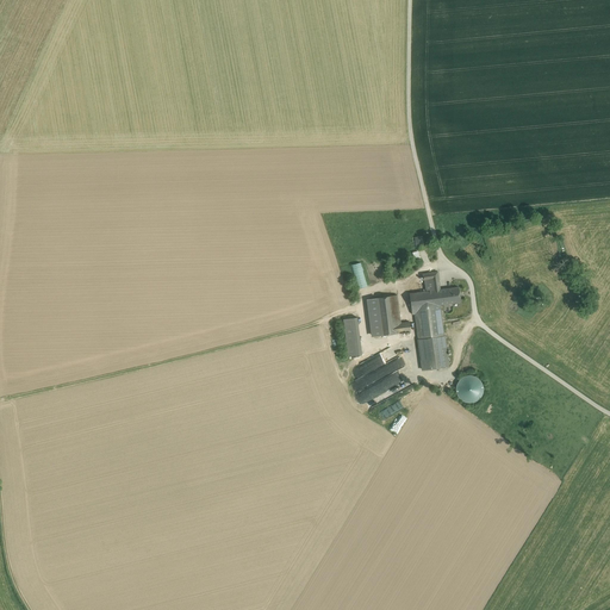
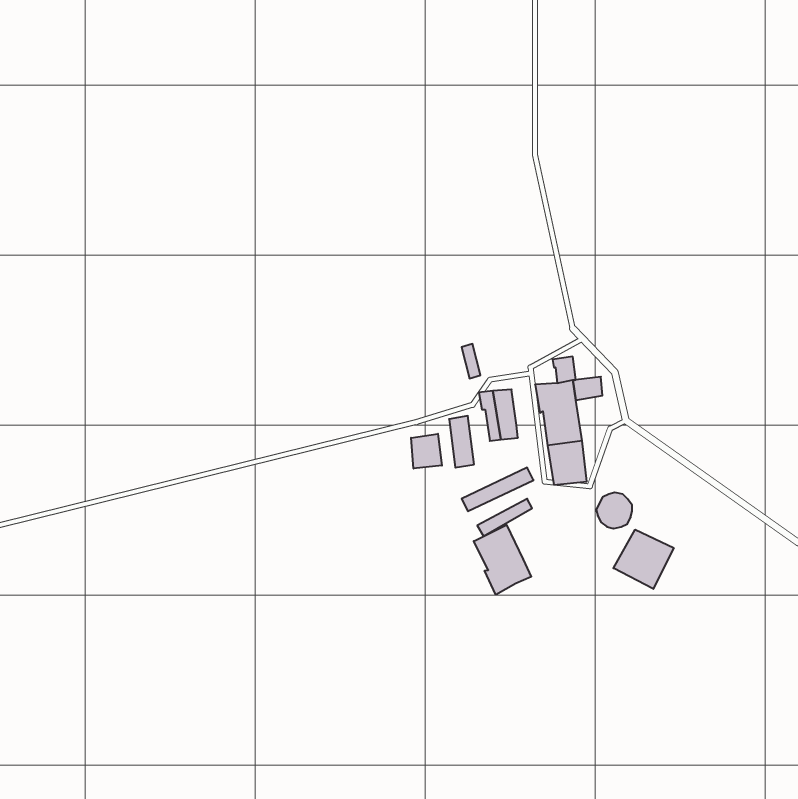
building: none -> [411,434,442,469]
building: none -> [474,525,531,595]
building: none -> [613,530,674,589]

